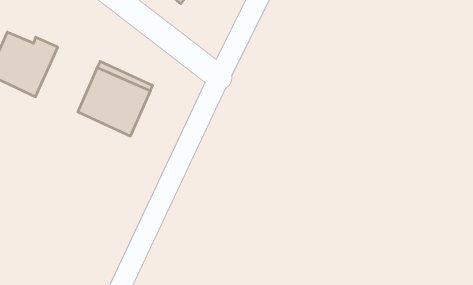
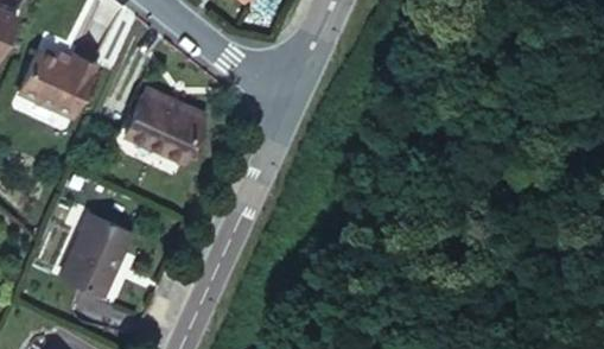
building: none -> [62,209,138,296]

